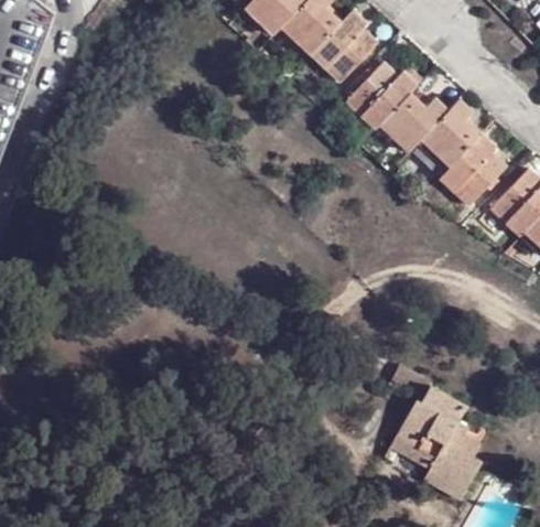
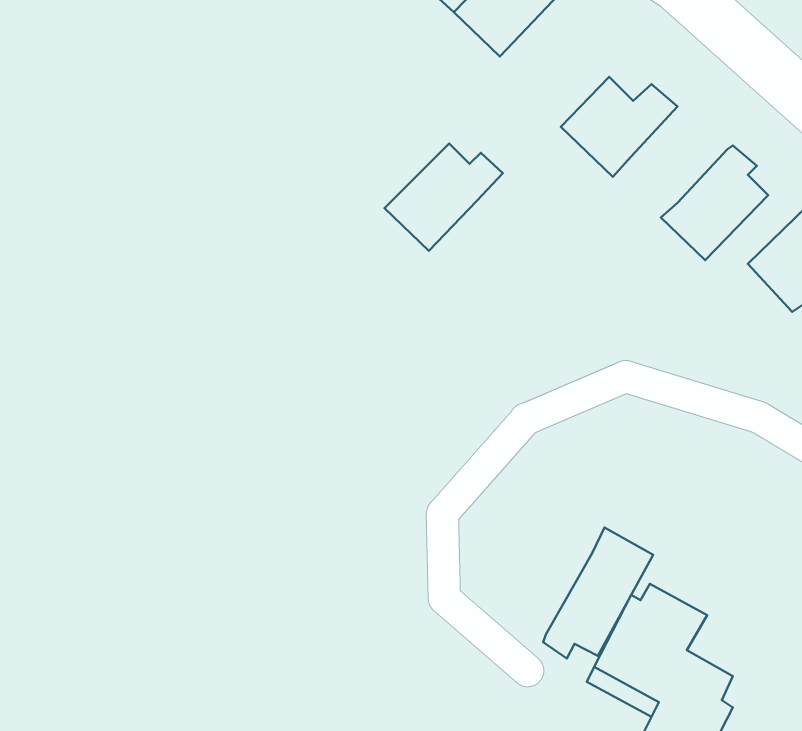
building: [349,58,420,122] -> [385,144,503,251]
building: [418,98,475,168] -> none
building: none -> [543,528,653,658]

